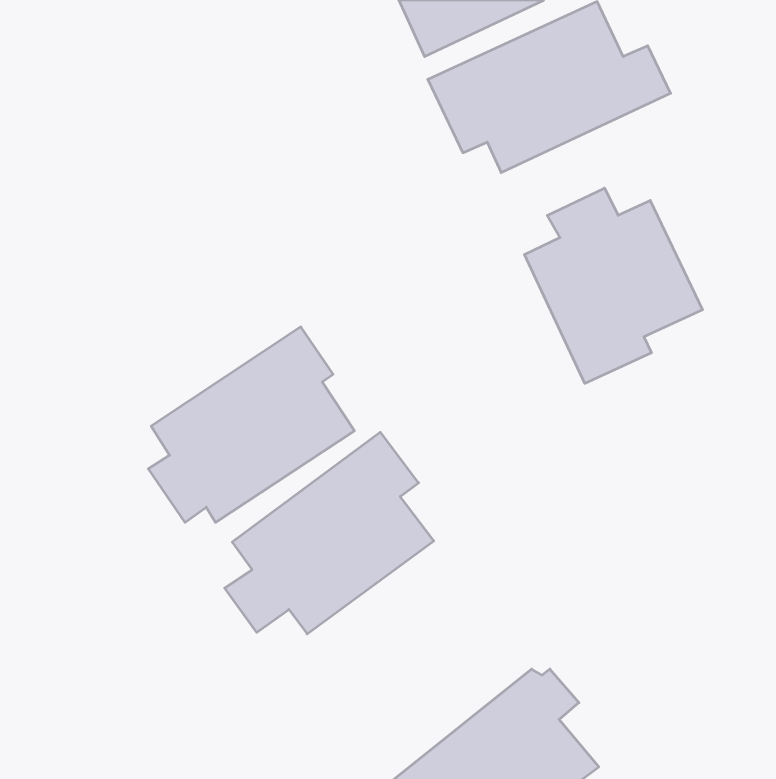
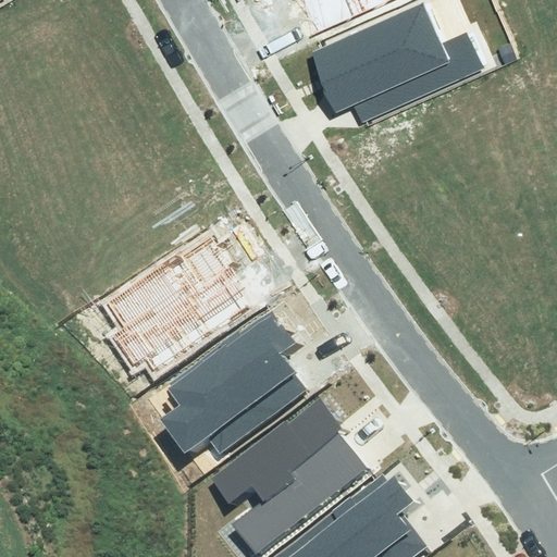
building: [524,188,702,383] -> none
building: none -> [203,393,364,552]

